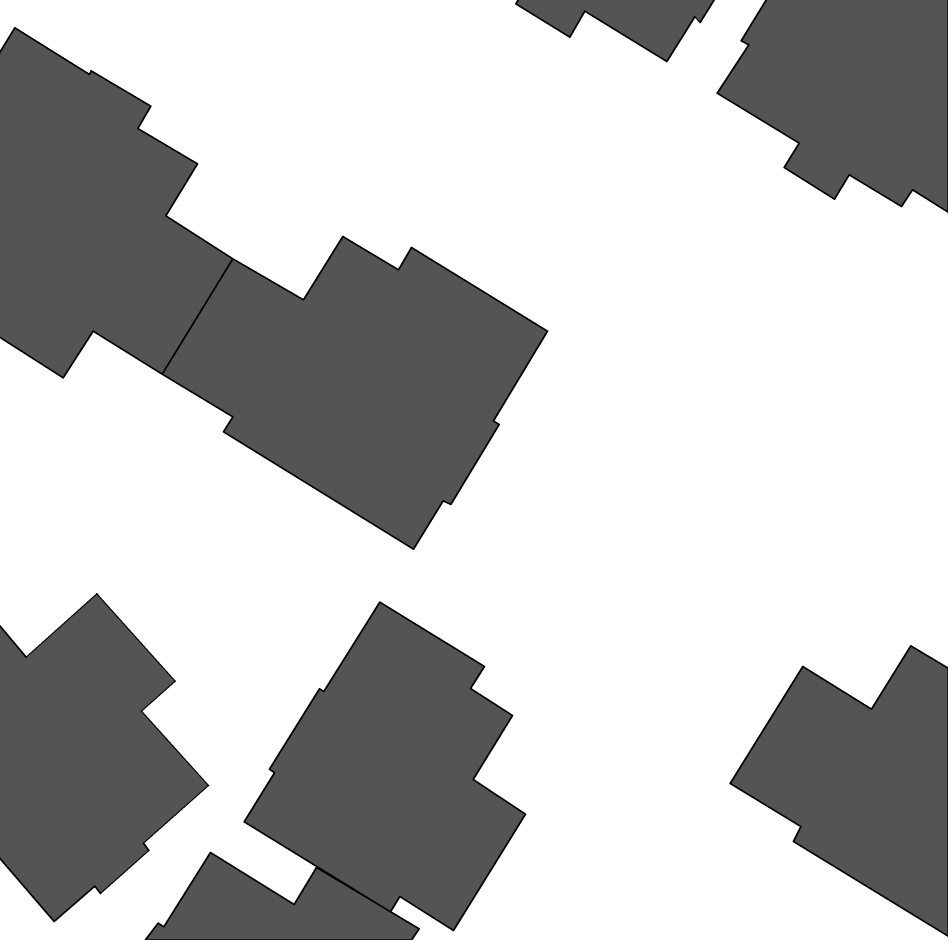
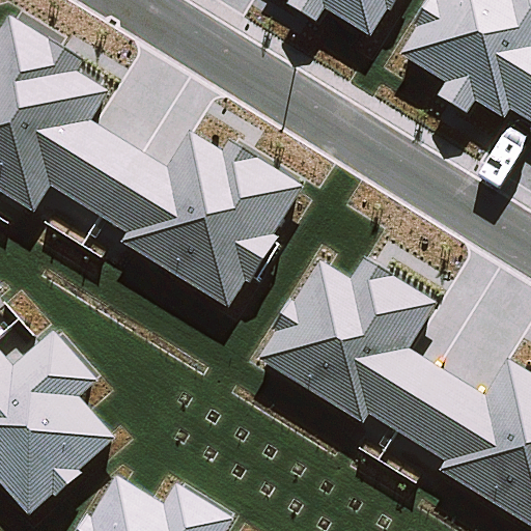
building: none -> [260,255,447,437]
building: [244,602,526,931] -> none

